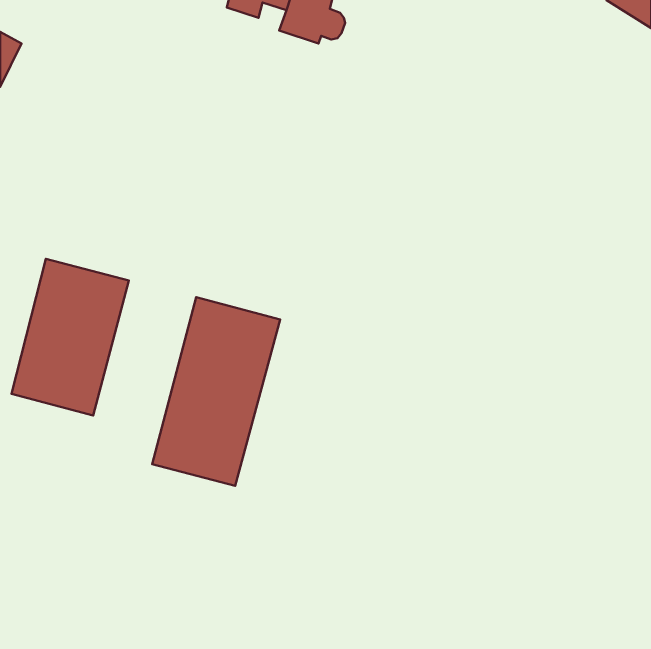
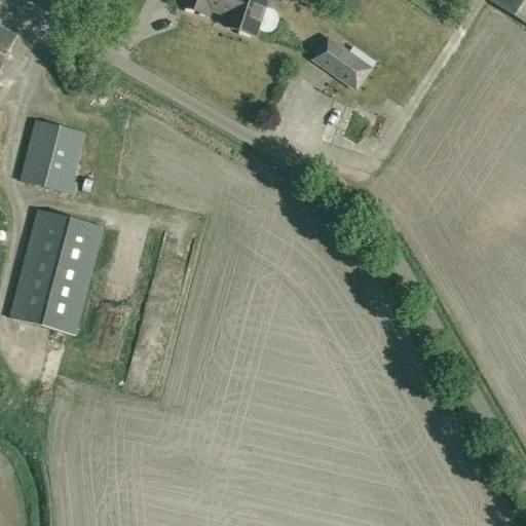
building: none -> [314,39,370,88]
building: none -> [20,119,84,193]
building: [152,297,280,486] -> none

